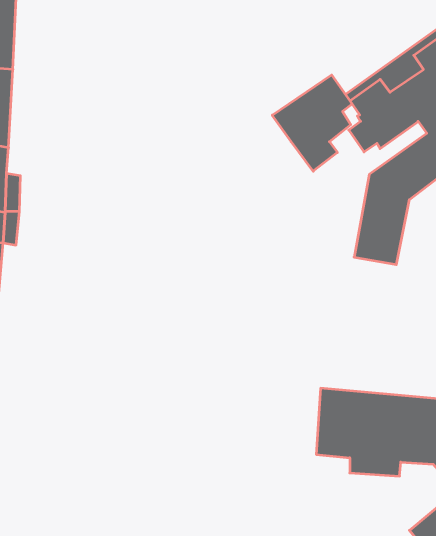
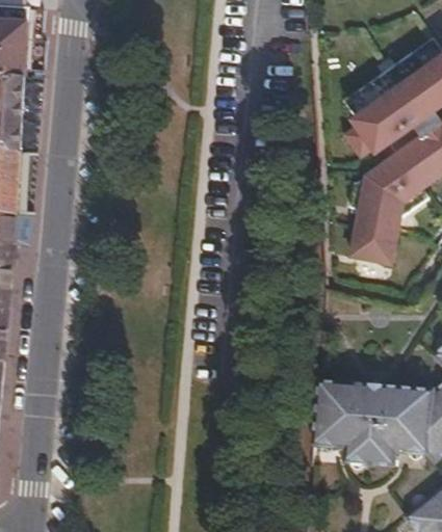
building: [272,75,352,171] -> none

